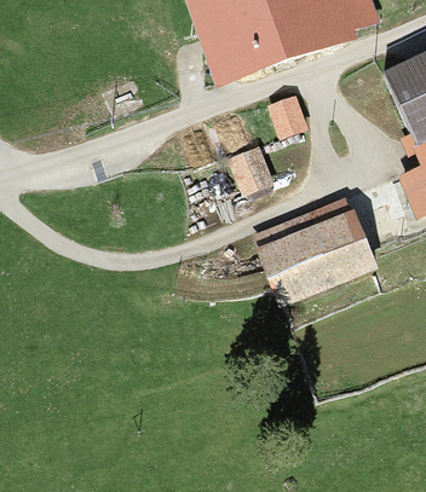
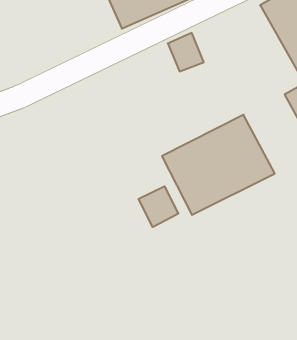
building: [226,146,274,197] -> none
building: none -> [139,186,178,227]

